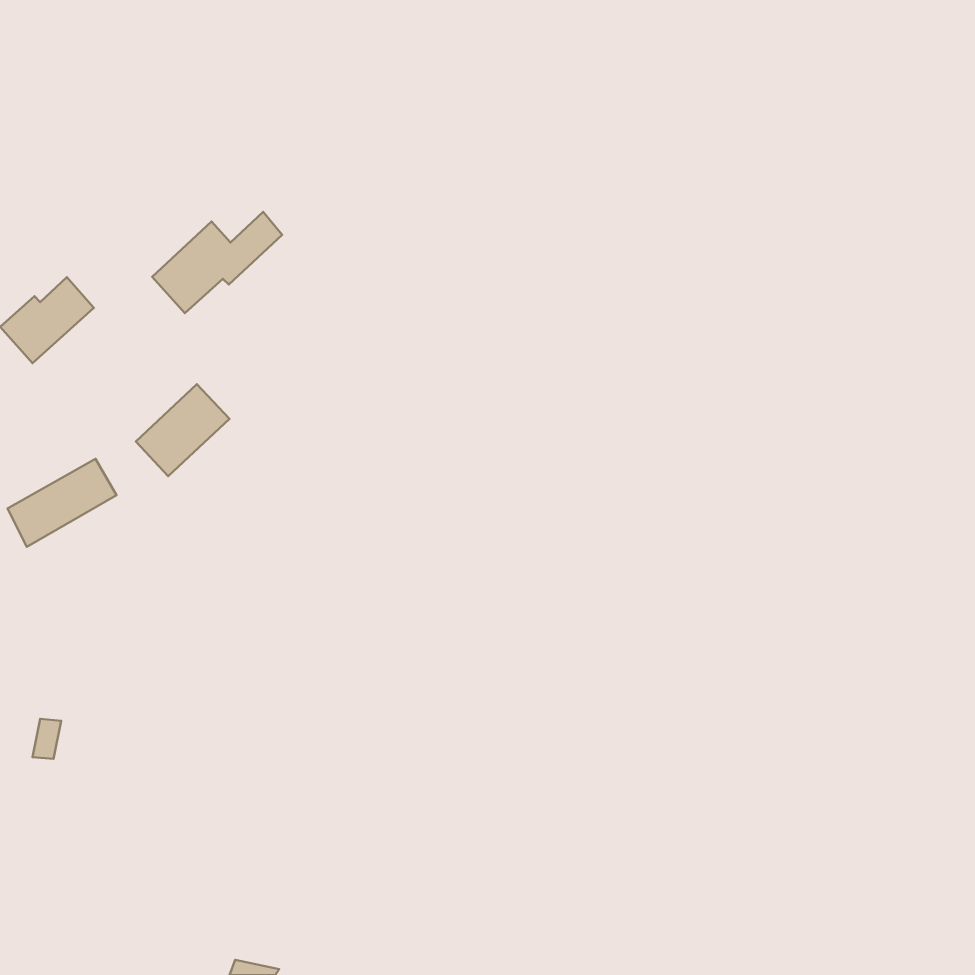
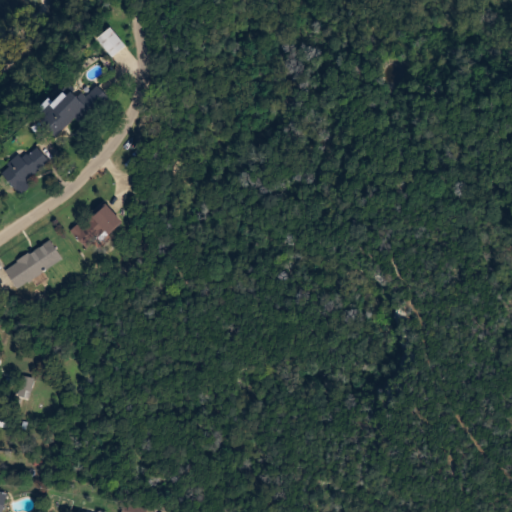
building: none -> [96,26,124,55]
building: [152,212,282,313] -> [38,84,106,137]

